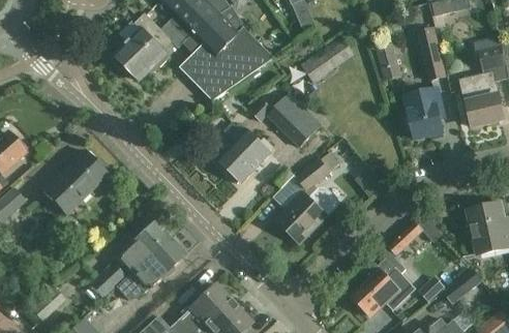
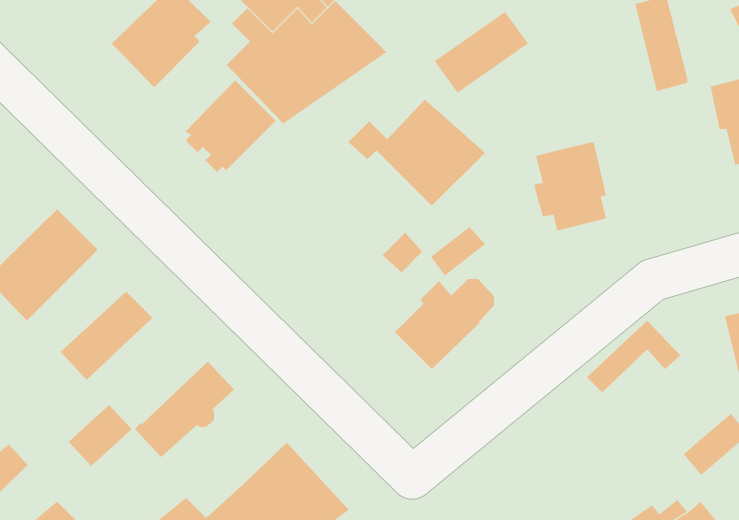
building: [375,42,402,81] -> none
building: [401,87,444,139] -> [533,141,607,231]
building: [218,128,271,182] -> [185,80,276,173]
building: [116,221,170,273] -> [60,291,153,381]
building: [352,256,417,317] -> none

